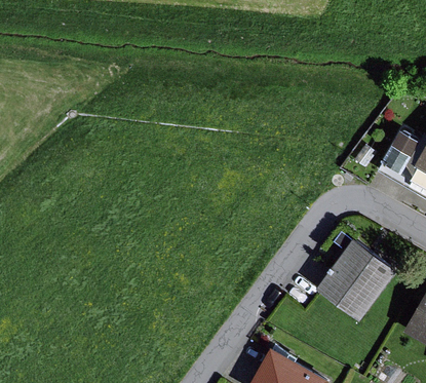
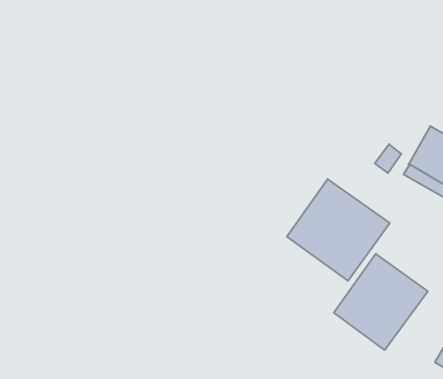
building: none -> [287,179,390,281]

